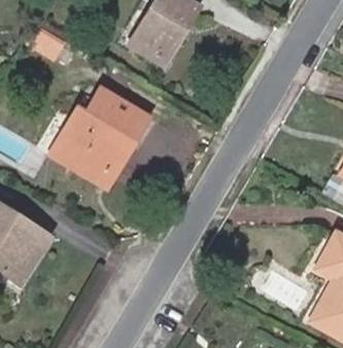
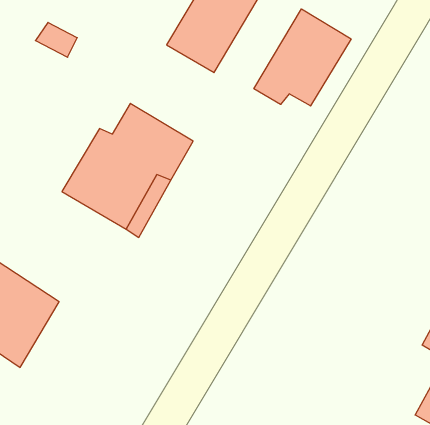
building: none -> [254,9,351,106]

